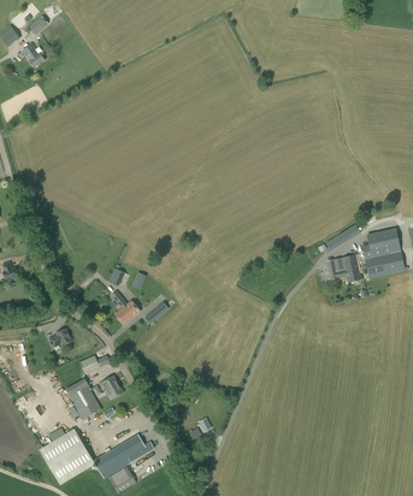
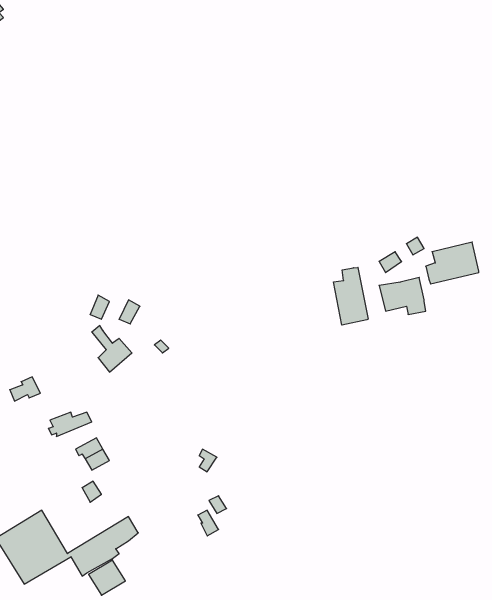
building: none -> [334,267,368,325]
building: [365,250,405,278] -> none
building: [65,378,101,421] -> none

